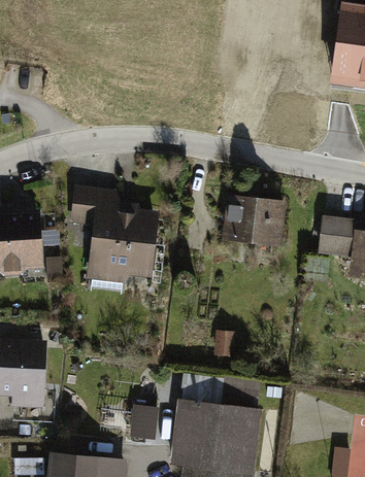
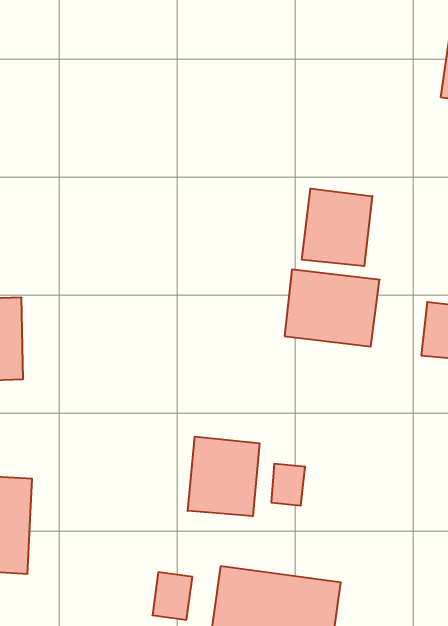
building: none -> [302,188,372,266]
building: [67,183,159,285] -> none
building: none -> [188,437,259,516]

